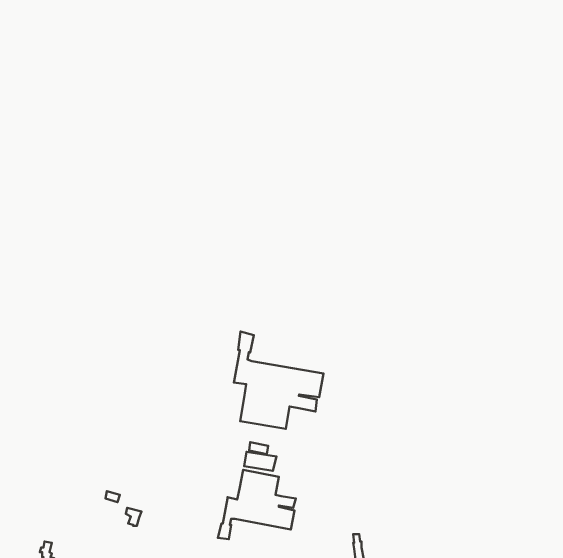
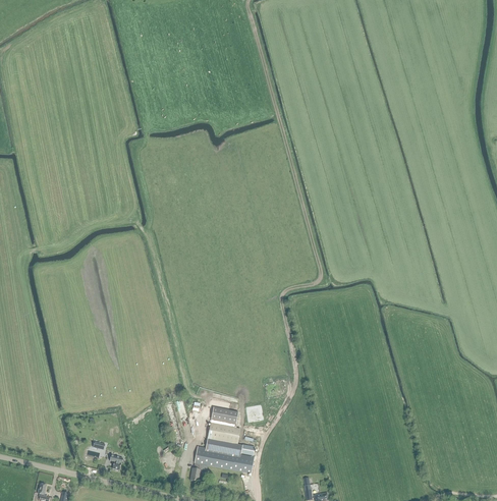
building: [234,332,324,429] -> none

